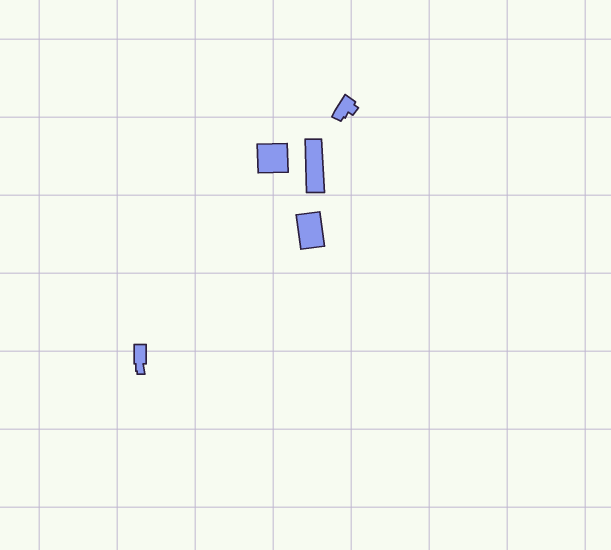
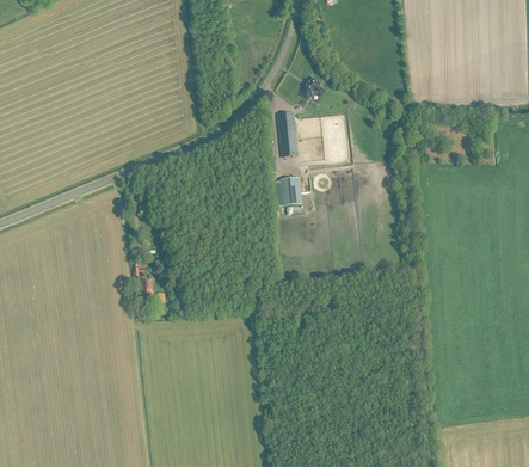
building: [257,143,288,173] -> none

